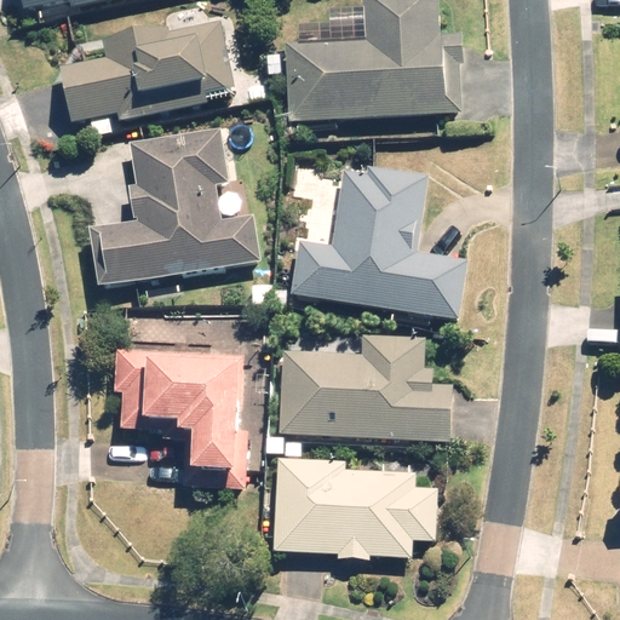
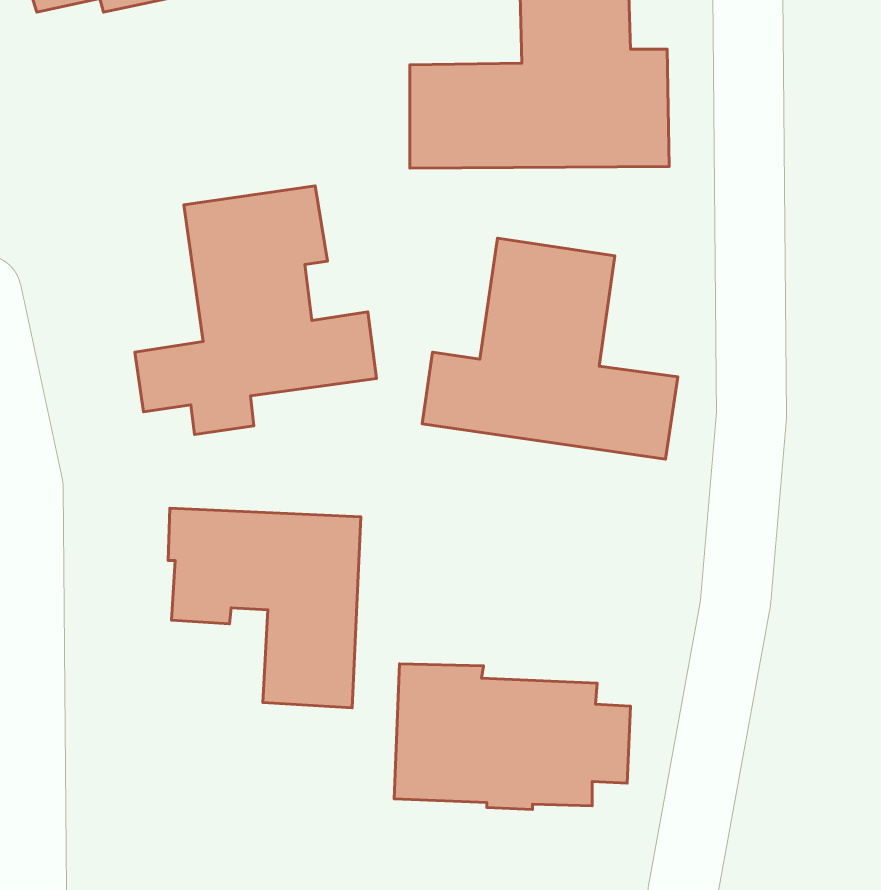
building: [58,12,236,122] -> none
building: [280,327,450,443] -> none

